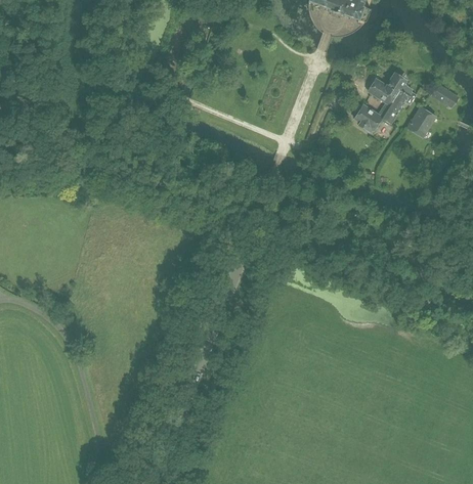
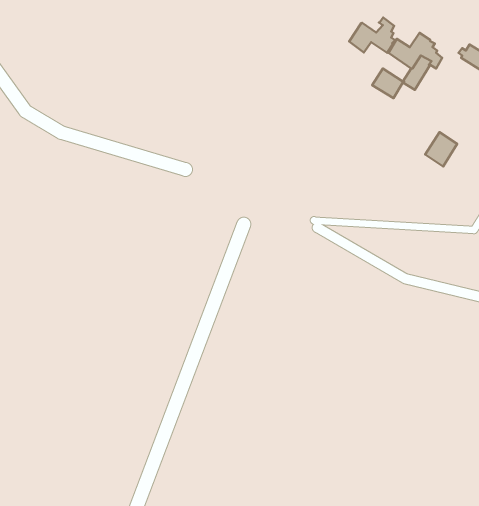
building: none -> [349,18,395,53]
building: [405,107,433,137] -> [425,132,457,166]

